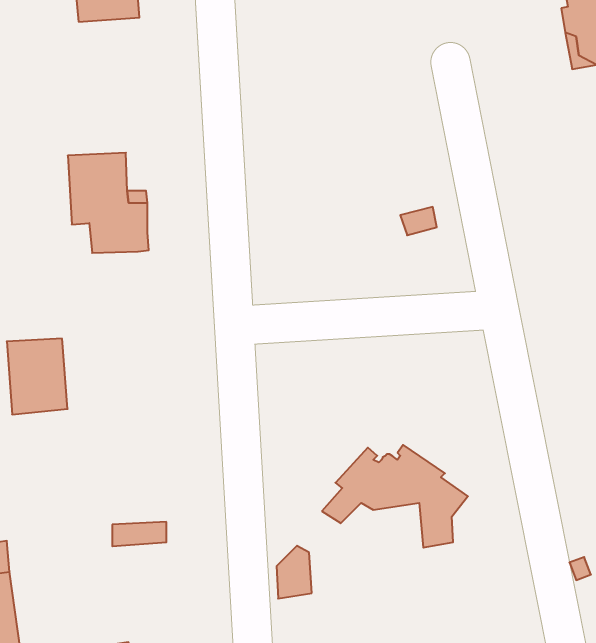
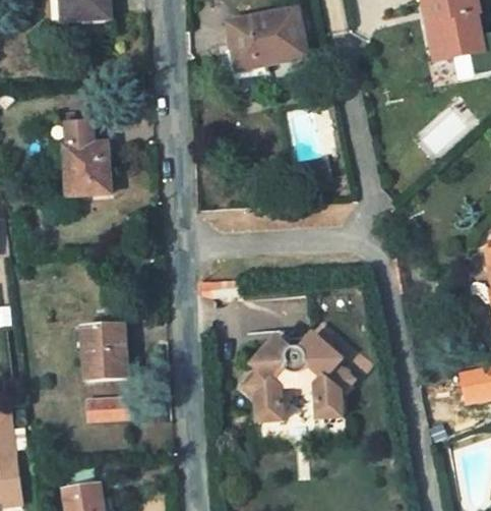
building: none -> [228,8,303,72]
building: [7,339,68,414] -> [81,324,127,381]
building: [277,546,312,599] -> [258,383,285,422]

